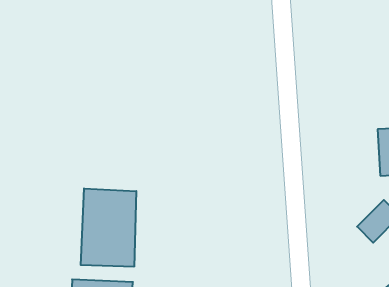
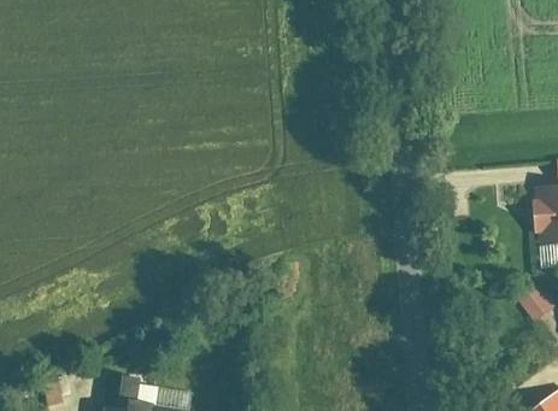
building: [81,188,136,267] -> none

